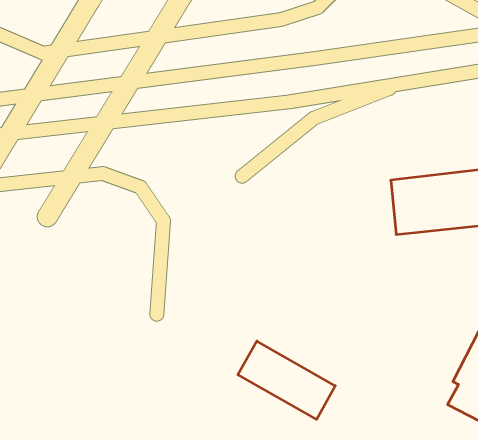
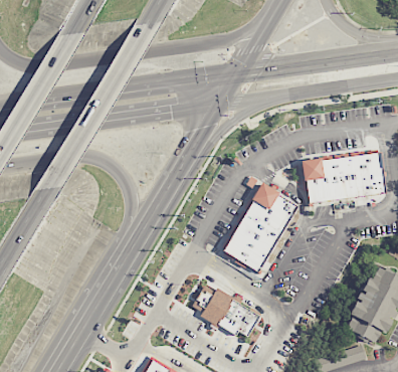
building: none -> [220,183,297,273]

